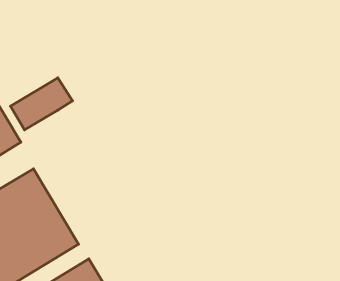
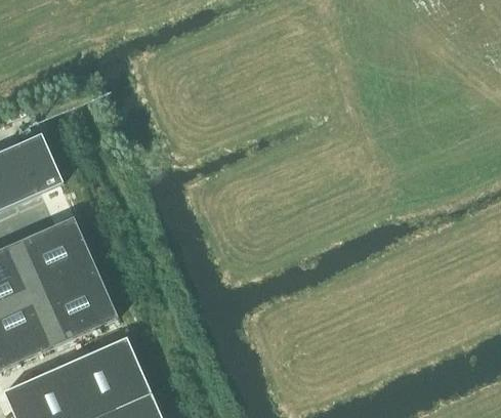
building: [11,78,72,130] -> none

